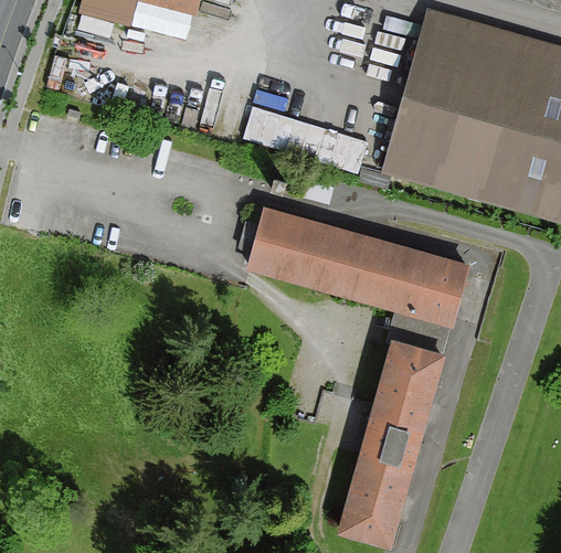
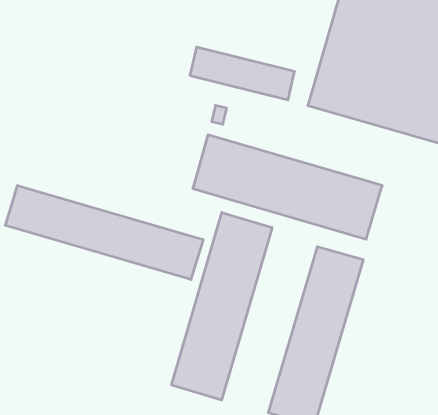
building: none -> [5,185,203,280]
building: none -> [172,212,272,400]

